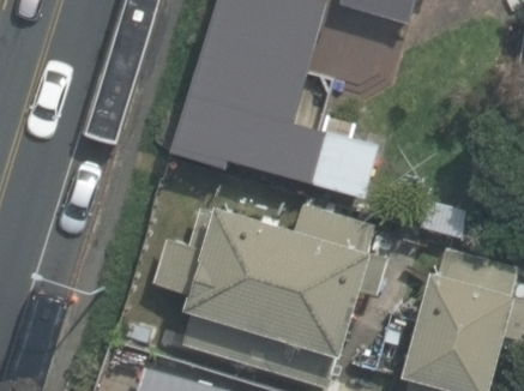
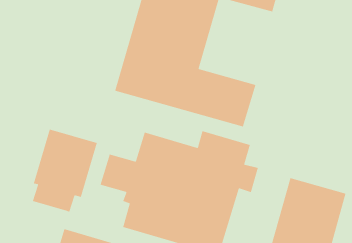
building: none -> [32,129,98,213]

